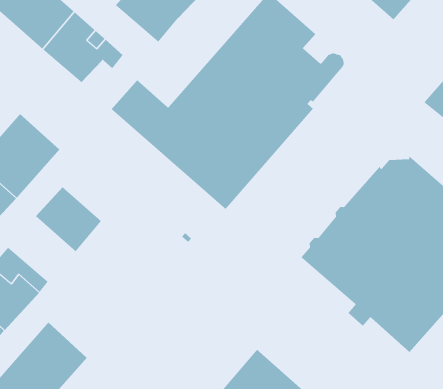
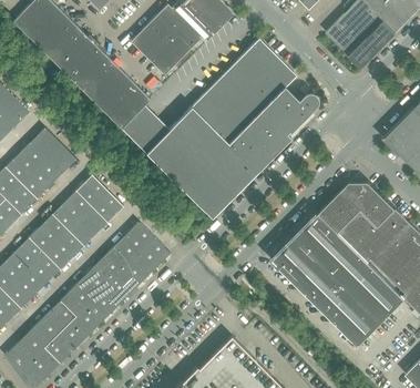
building: none -> [98,84,150,129]
building: none -> [76,175,123,222]
building: none -> [28,214,84,269]
building: none -> [58,222,170,335]

